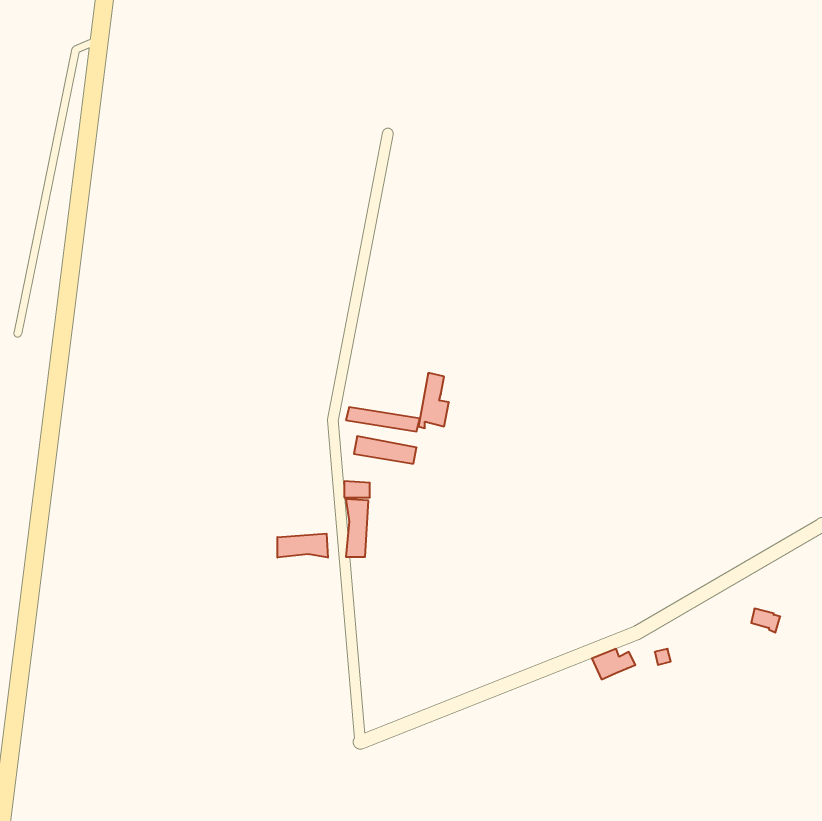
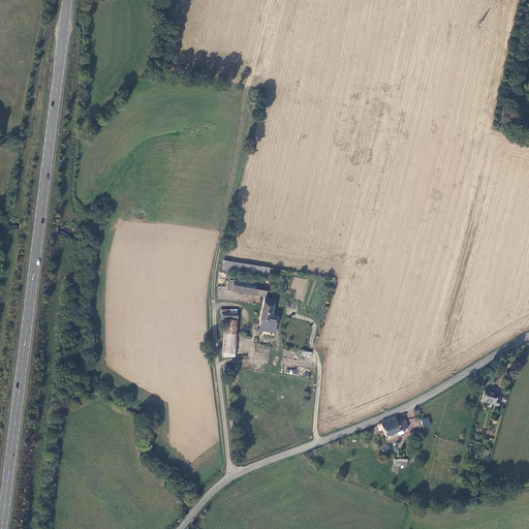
building: [418,373,449,428] -> [258,298,278,333]
building: [277,534,328,558] -> none

